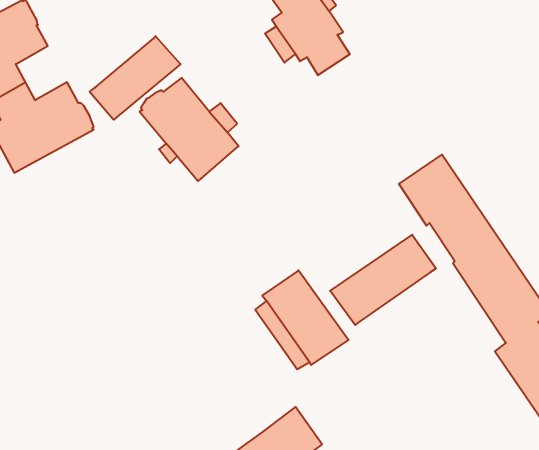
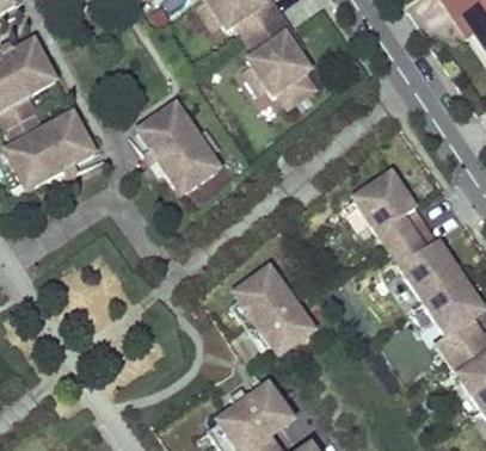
building: [90,36,181,120] -> none
building: [330,235,436,325] -> none

